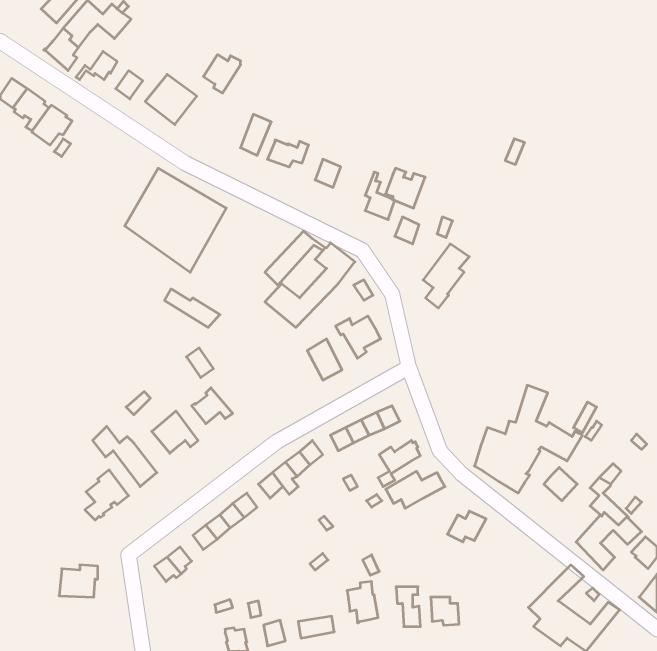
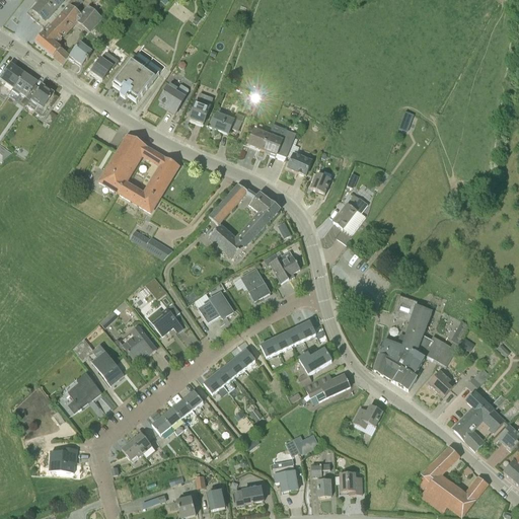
building: [203,55,241,93] -> [159,81,189,112]
building: [385,168,425,208] -> [263,128,294,159]
building: none -> [200,290,233,321]

